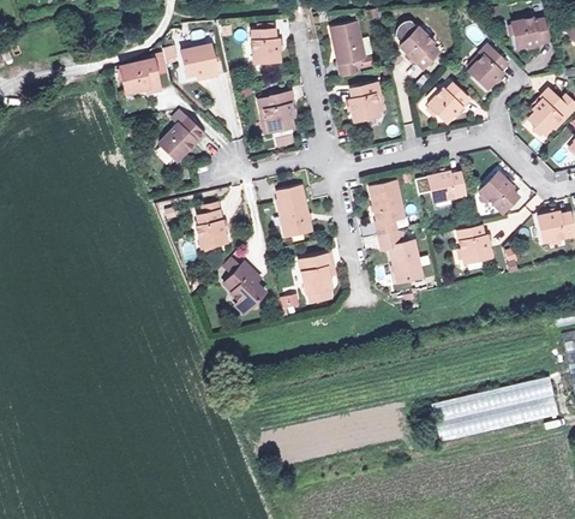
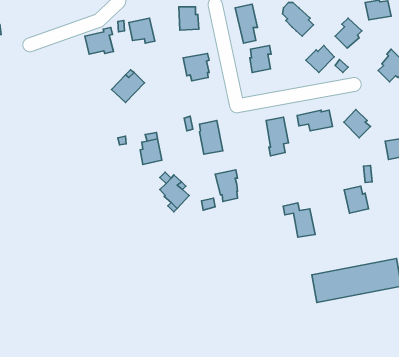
building: [457,223,491,261] -> [344,186,368,213]
building: [378,231,423,279] -> [283,203,315,237]

